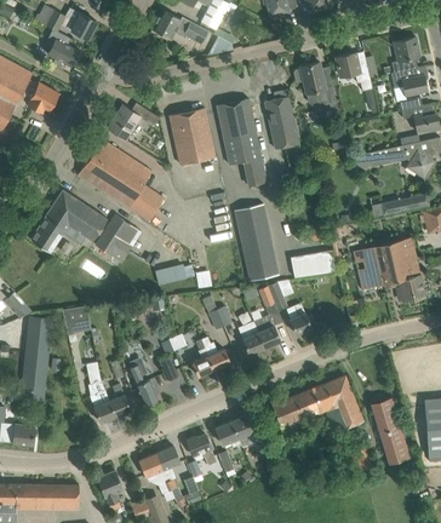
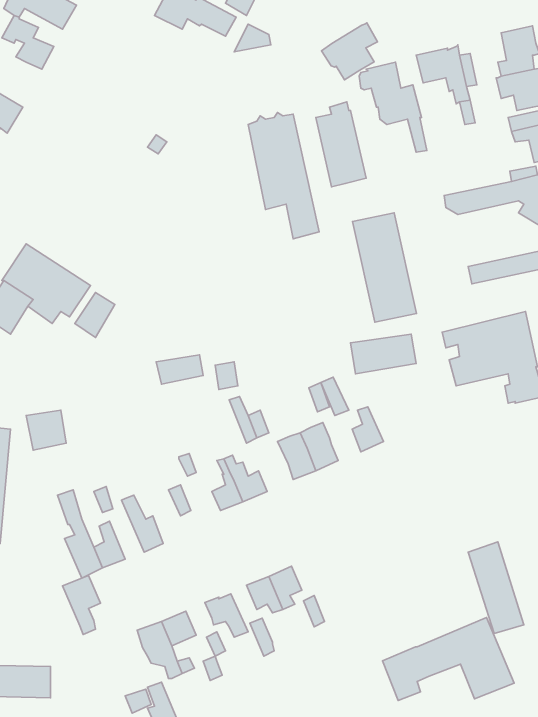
building: none -> [322,23,378,80]
building: [108,105,141,140] -> none
building: [168,109,214,165] -> none
building: [78,139,164,222] -> none
building: [234,205,279,281] -> [352,213,417,322]
building: [271,375,363,433] -> [383,617,514,701]
building: [97,471,124,512] -> [62,575,101,634]

